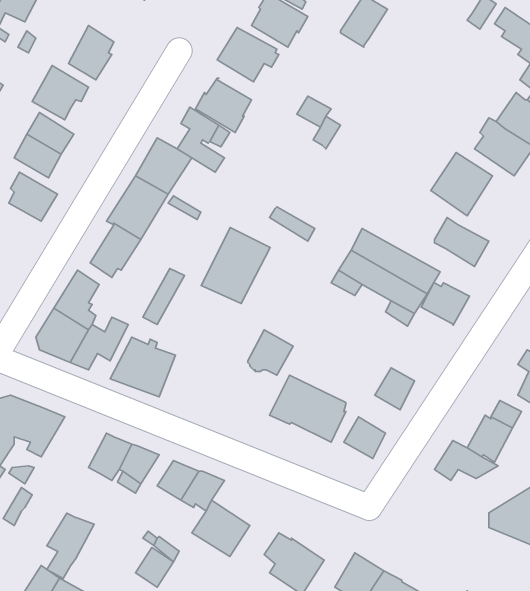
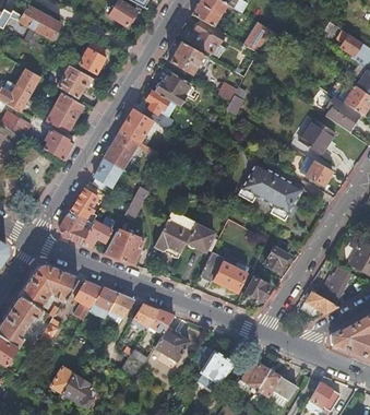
building: [201,227,270,304] -> [154,212,195,258]
building: [421,283,469,325] -> none
building: [47,513,94,579] -> [74,280,103,319]

